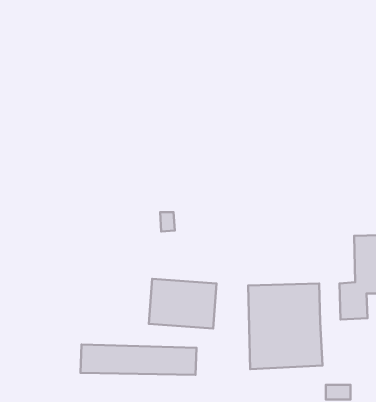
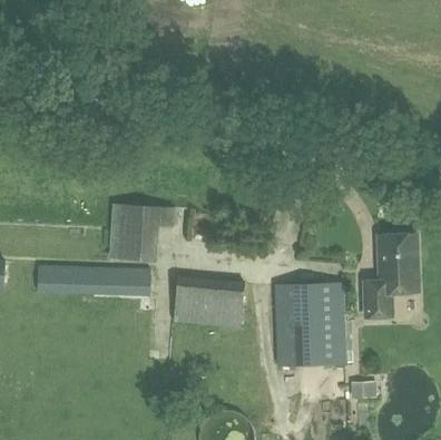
building: none -> [109,204,175,261]
building: [80,345,197,375] -> [37,265,151,295]

